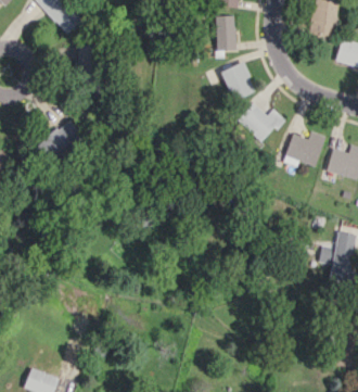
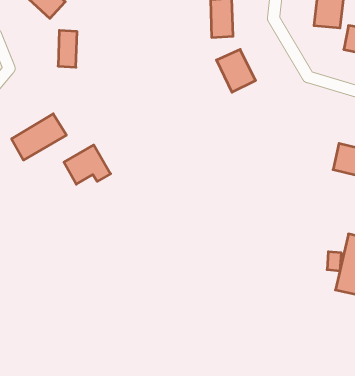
building: [238,102,285,141] -> none
building: [283,131,325,166] -> none
building: none -> [64,145,111,184]

